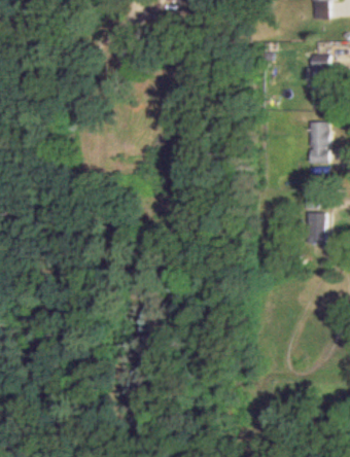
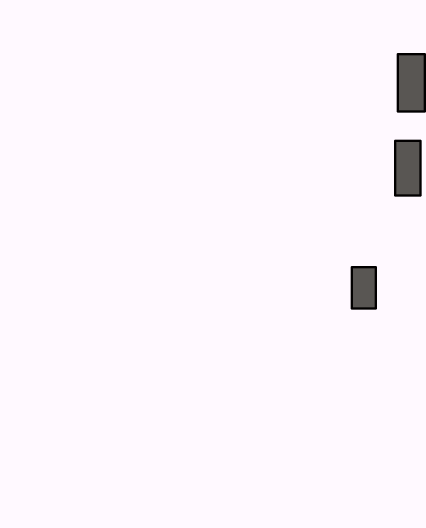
building: [306,211,324,243] -> [352,267,376,308]

